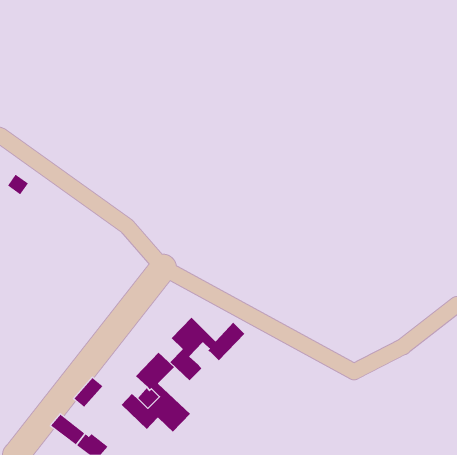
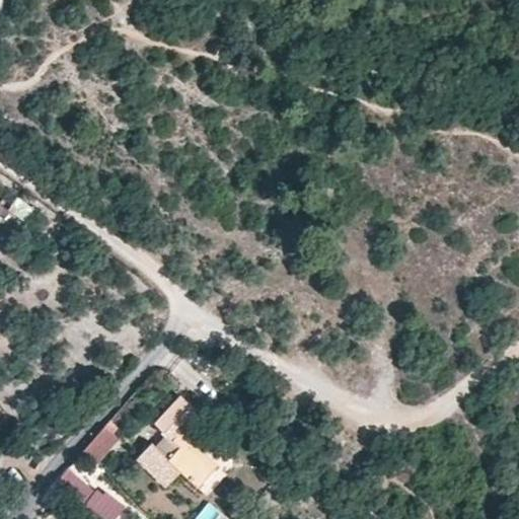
building: [169,317,245,381] -> none

